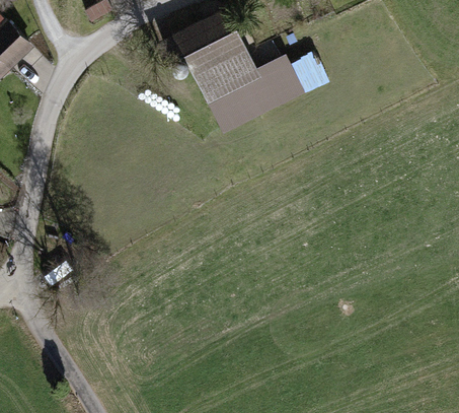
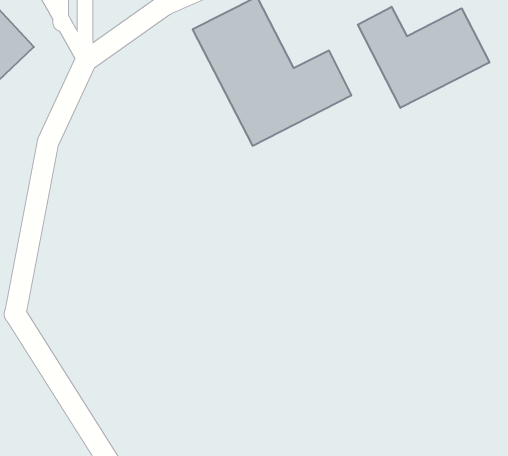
building: none -> [358,7,489,108]

